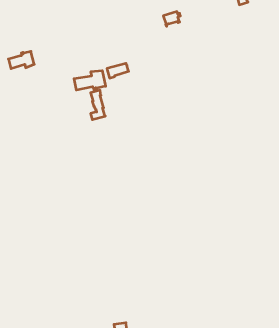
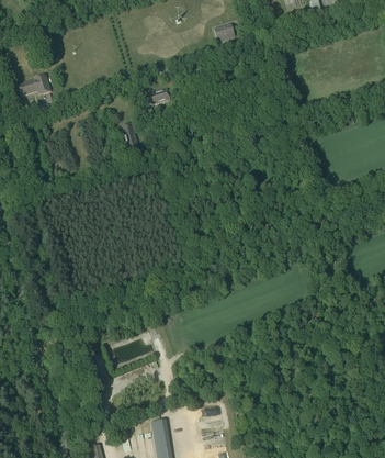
building: [74,71,106,90] -> none

